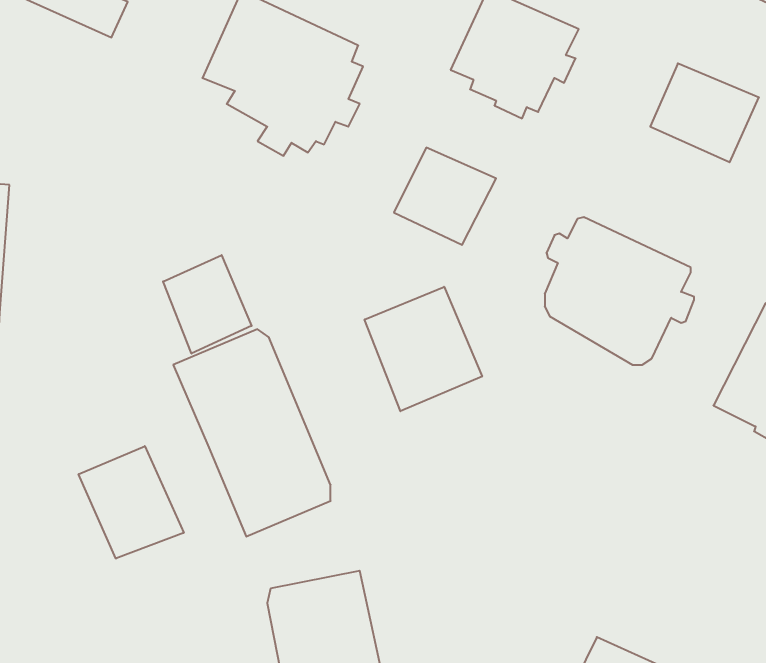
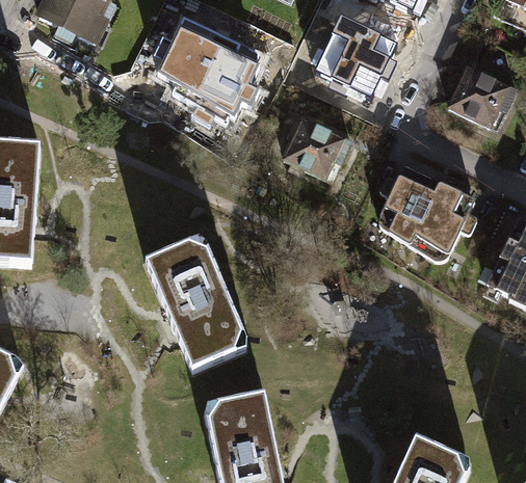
building: [163,255,252,354] -> none
building: [365,287,482,411] -> none
building: [79,446,184,559] -> none

